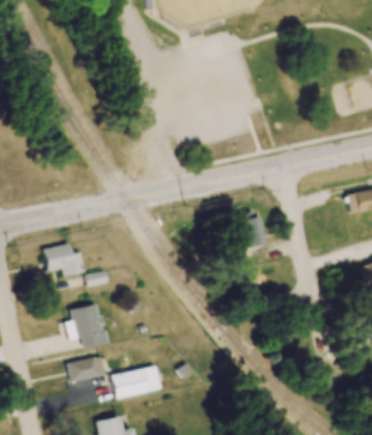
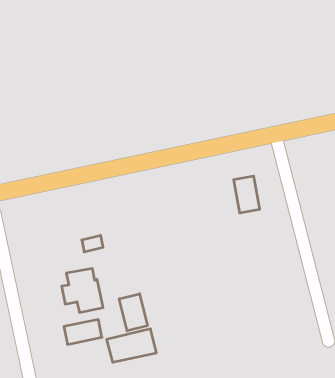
building: [42,244,84,276] -> none
building: none -> [119,294,147,331]

